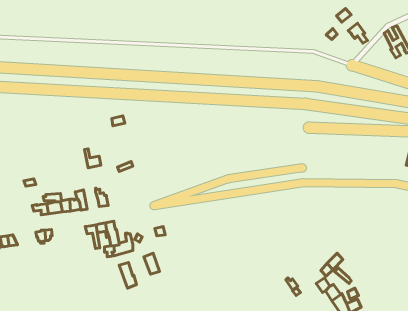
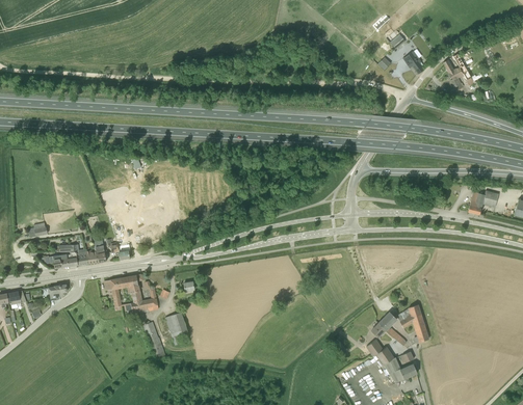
building: none -> [396,304,428,344]

